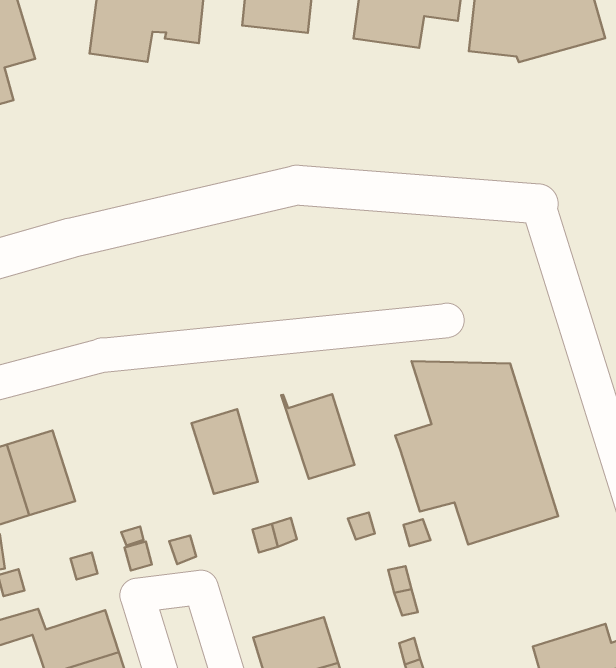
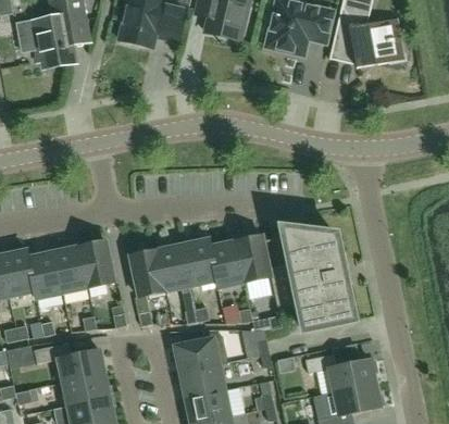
building: none -> [235,236,270,282]
building: none -> [182,239,217,287]
building: none -> [78,241,113,287]
building: none -> [128,250,164,297]
building: none -> [173,337,219,372]
building: none -> [304,353,376,391]

